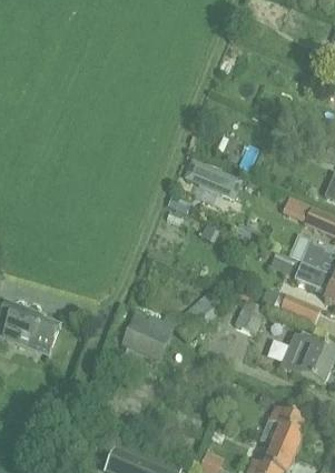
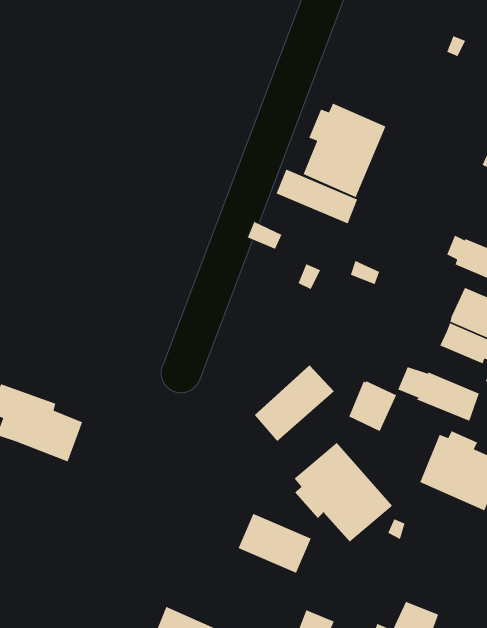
building: none -> [302,103,386,198]
building: [120,320,169,360] -> [238,513,312,574]
building: none -> [293,442,393,543]
building: [259,405,305,452] -> none

